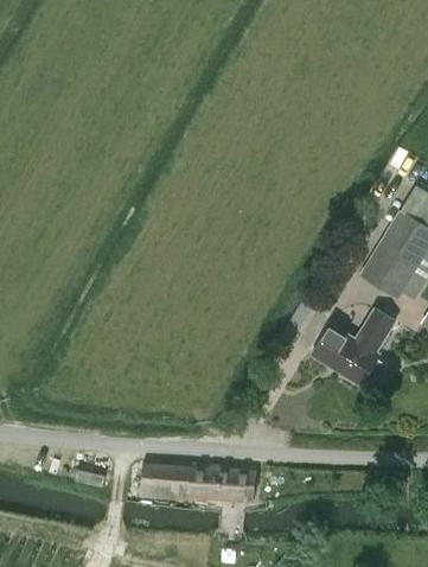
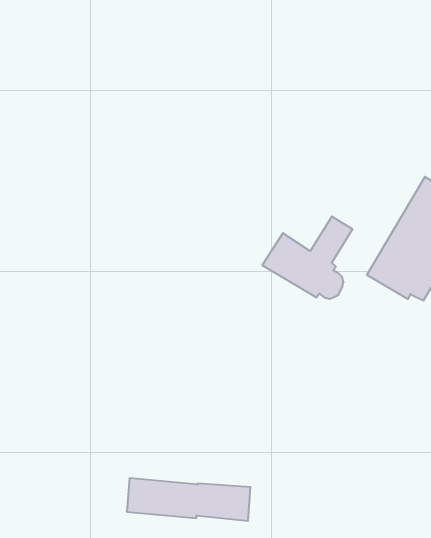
building: [311,308,394,384] -> [262,216,353,299]

